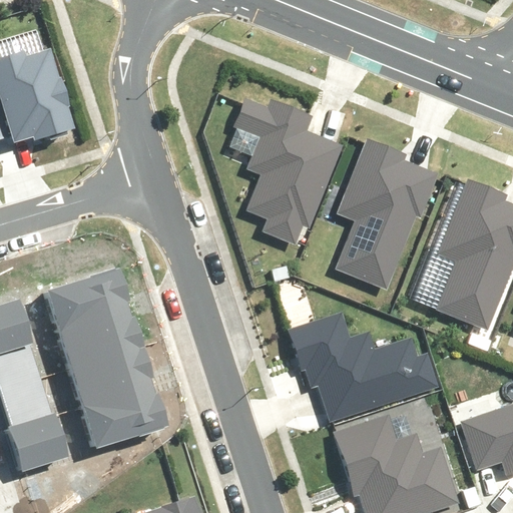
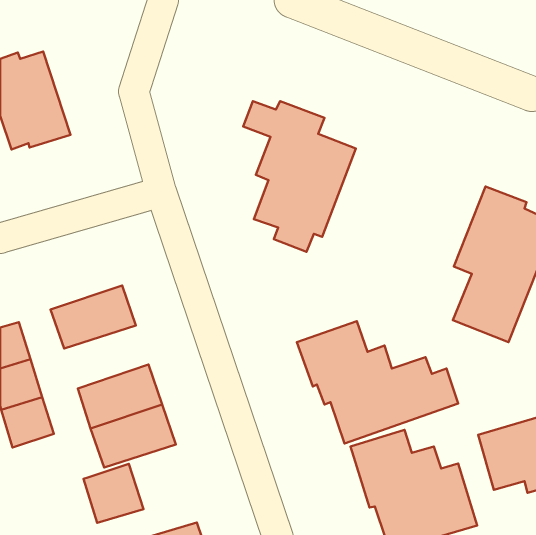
building: [335,138,438,287] -> none
building: [63,313,143,373] -> none
building: [10,416,67,472] -> [84,464,144,523]

